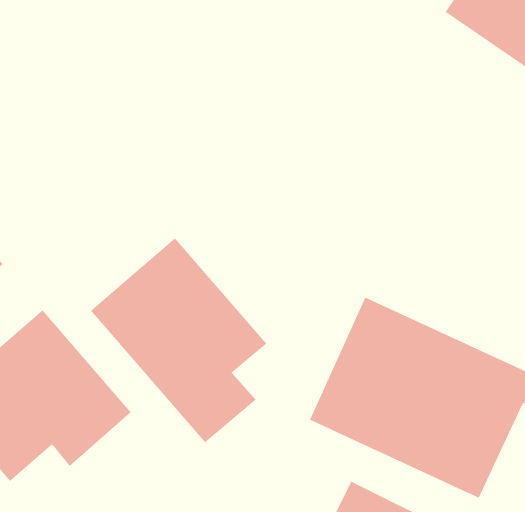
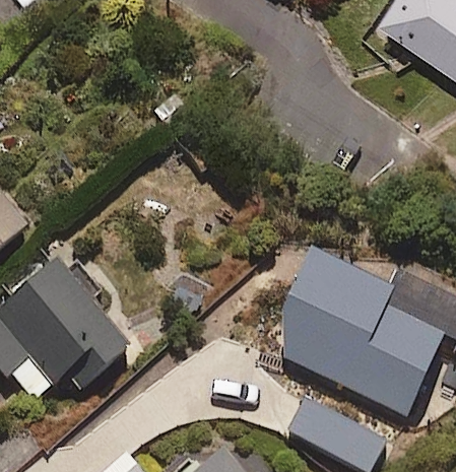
building: [90,238,267,443] -> none

